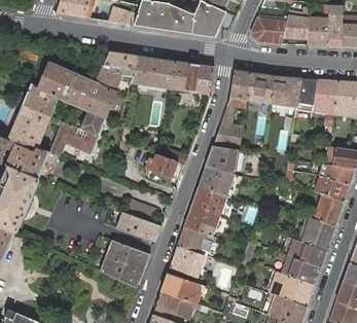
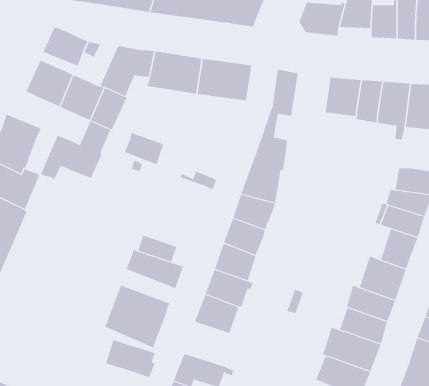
building: [246,73,275,104] -> none
building: [22,84,58,116] -> [42,26,89,66]
building: [146,152,177,178] -> [124,132,164,165]
building: [160,274,200,303] -> [105,340,155,378]

